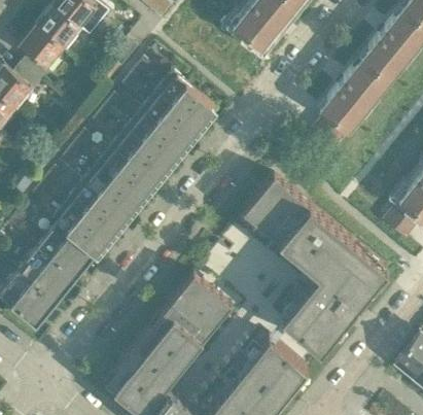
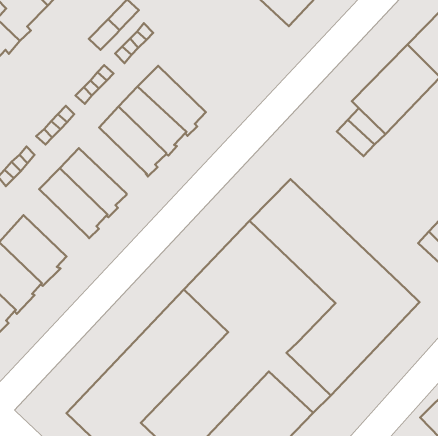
building: [156,73,214,130] -> none
building: [97,147,154,203] -> none
building: [51,202,109,257] -> none

